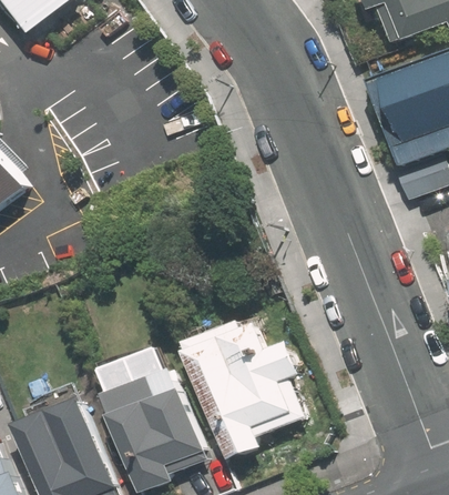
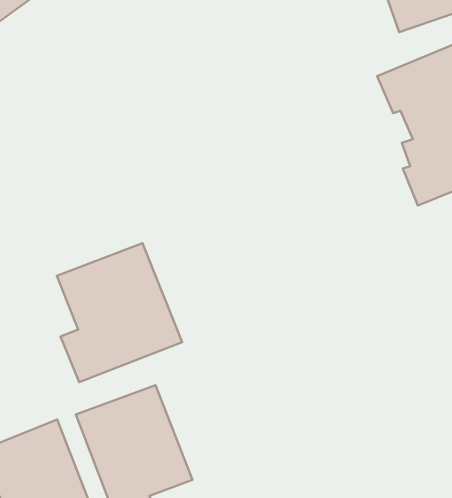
building: none -> [57,243,182,382]
building: [186,326,298,456] -> none

